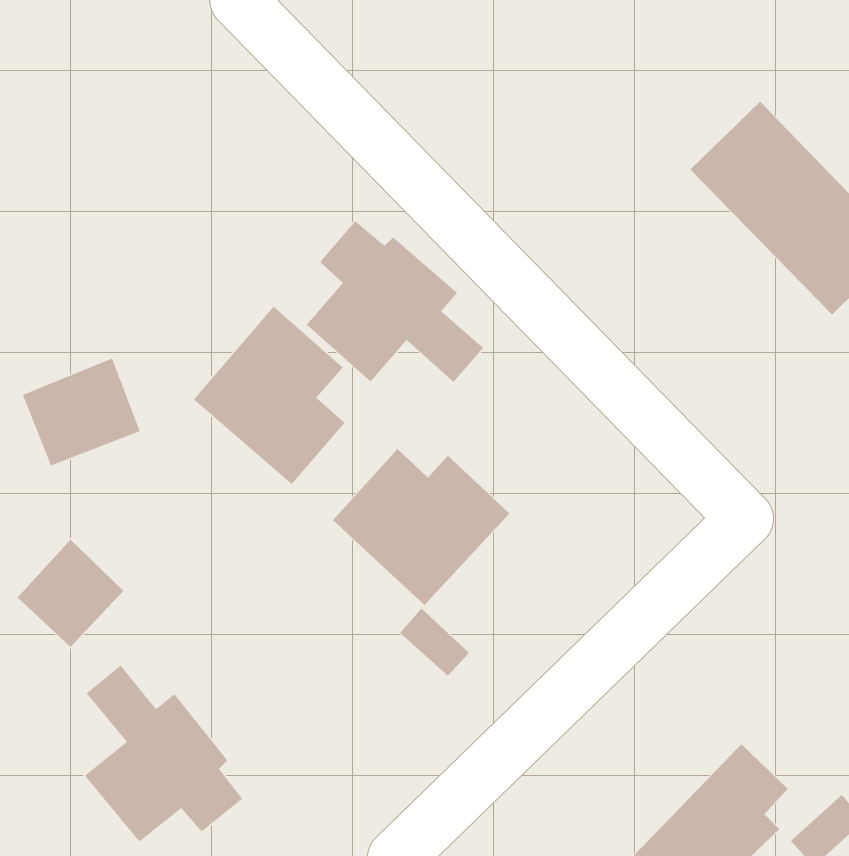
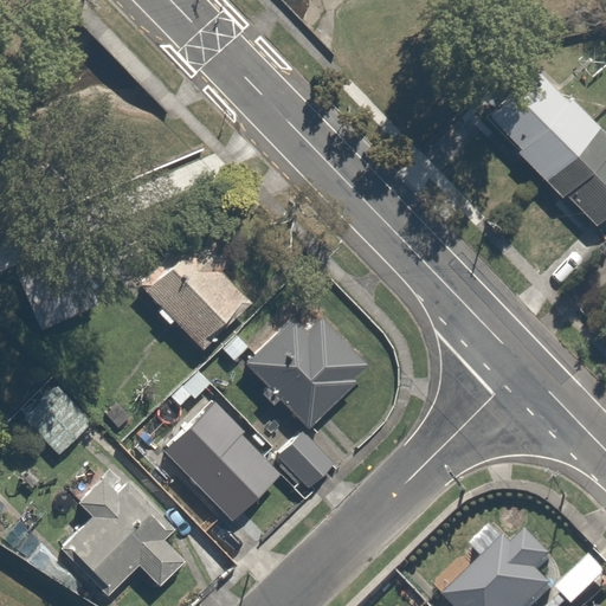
building: [306,220,484,383] -> none
building: none -> [159,398,288,528]

